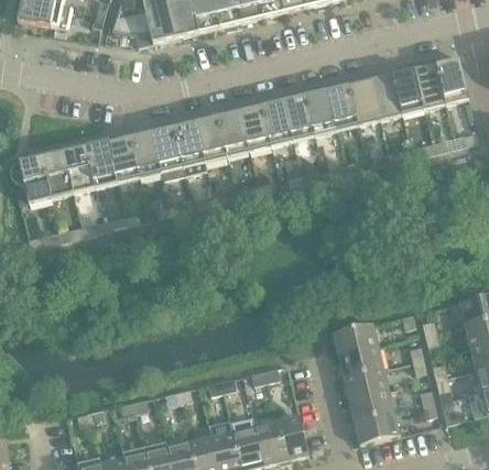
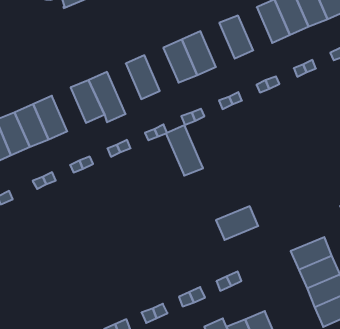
building: [327,81,359,128] -> none
building: [283,91,315,139] -> none
building: [217,108,249,154] -> none
building: [173,118,207,173] -> [166,125,203,176]
building: [108,133,140,181] -> none
building: [334,323,379,354] -> [216,206,258,240]

